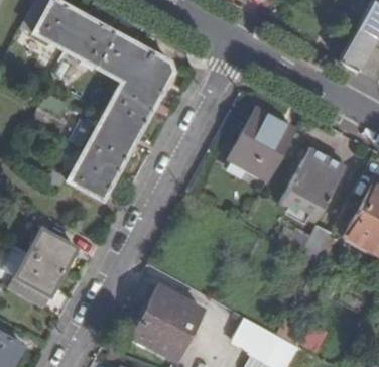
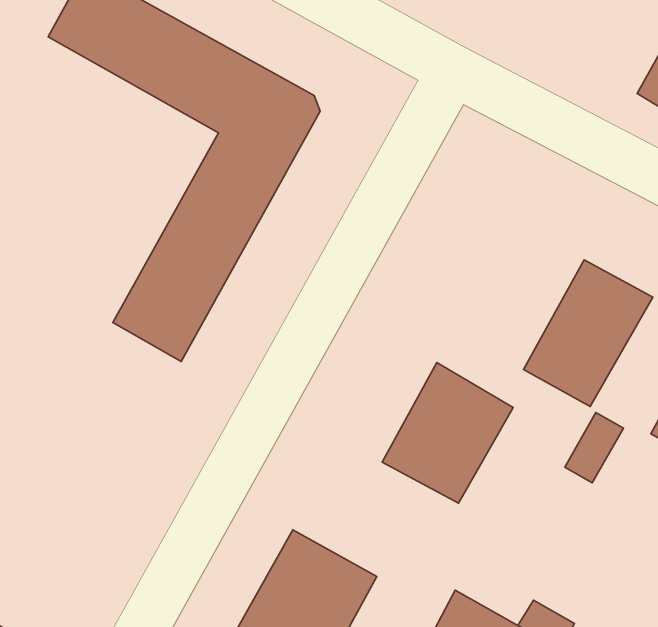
building: [228,108,295,180] -> [382,363,513,503]
building: [14,227,77,295] -> none

